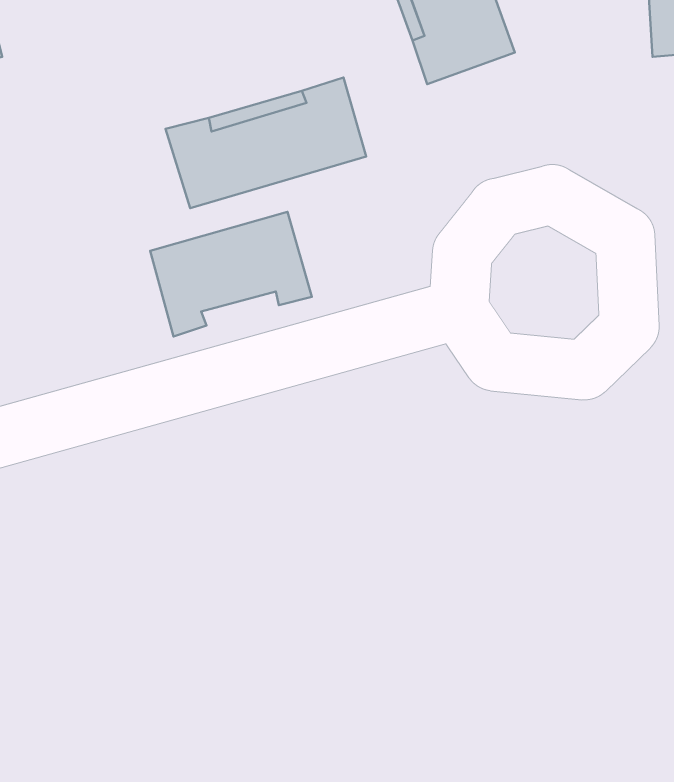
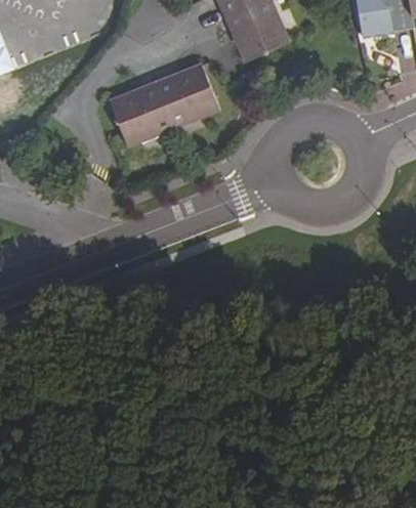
building: [150,212,312,337] -> none

